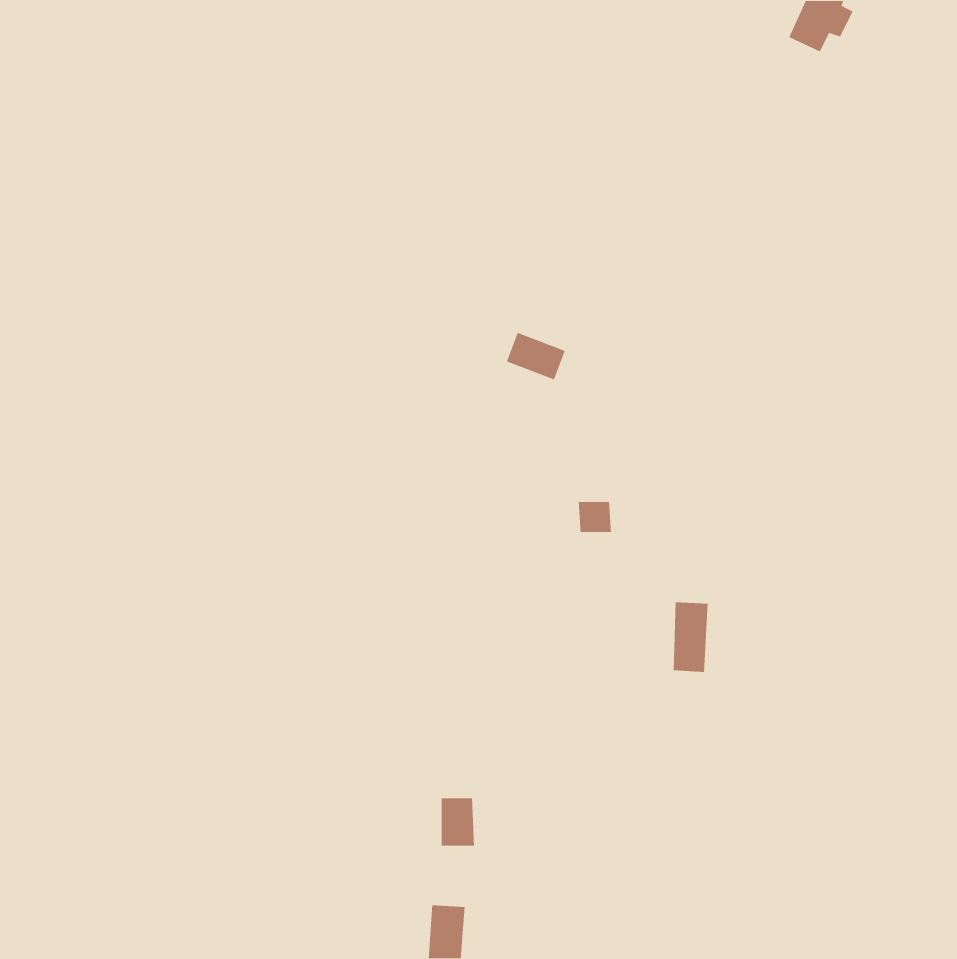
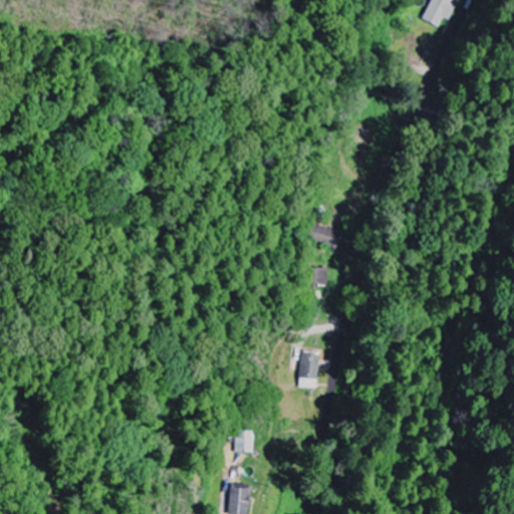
building: [506,332,566,381] -> [308,223,340,249]
building: [673,601,708,673] -> [299,350,318,389]

